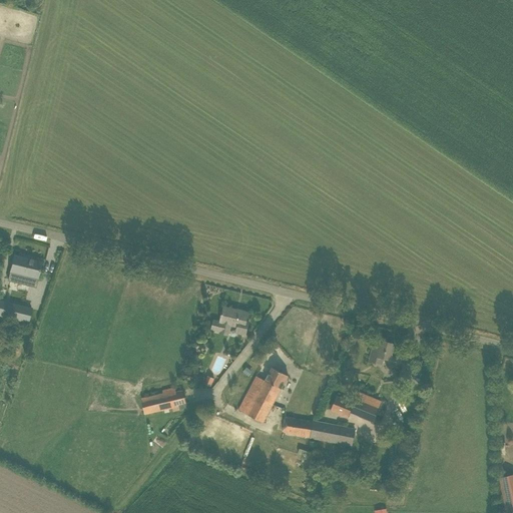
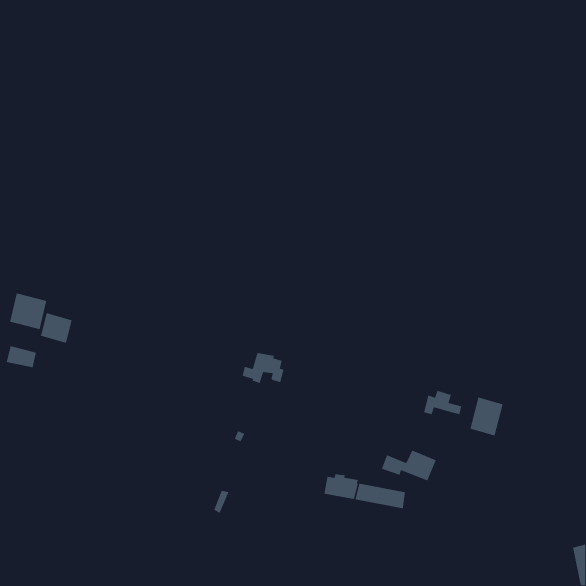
building: none -> [40,312,73,344]
building: none -> [470,396,503,436]
building: [237,368,288,423] -> none
building: [141,387,187,414] -> none

